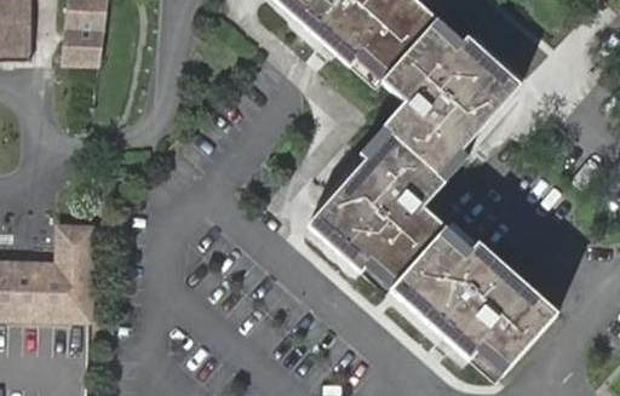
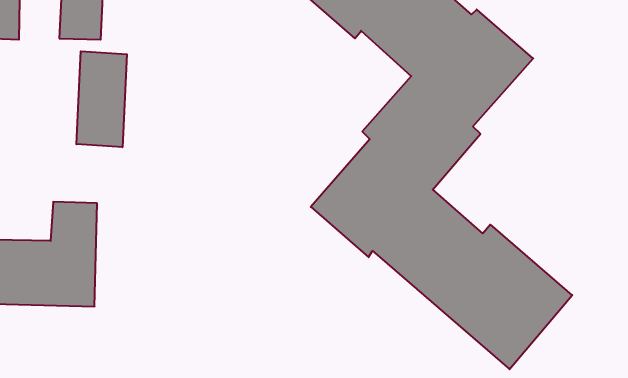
building: none -> [76,51,127,147]

